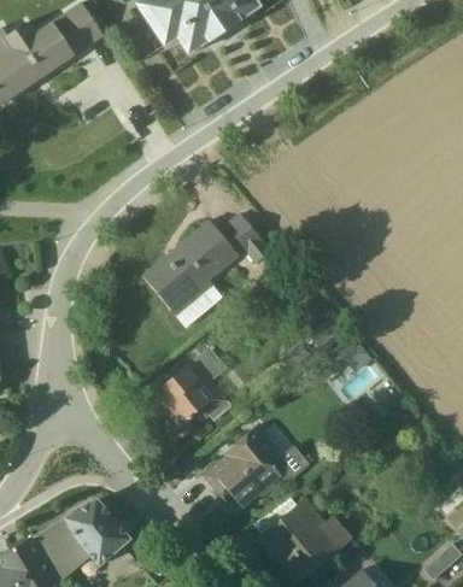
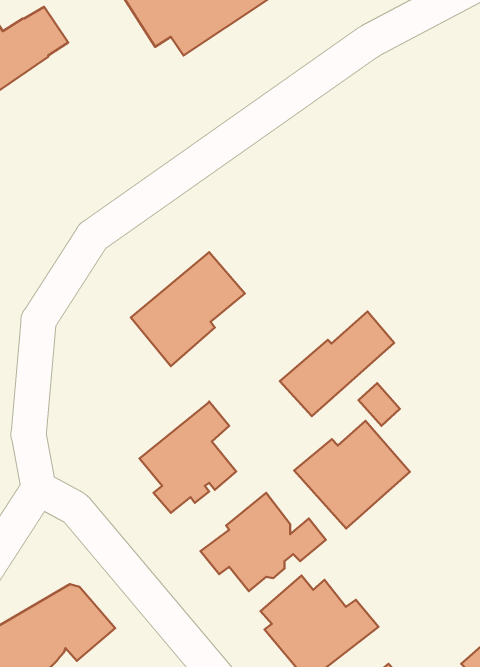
building: [224,212,271,263] -> none
building: none -> [280,312,394,416]
building: none -> [294,421,410,528]

